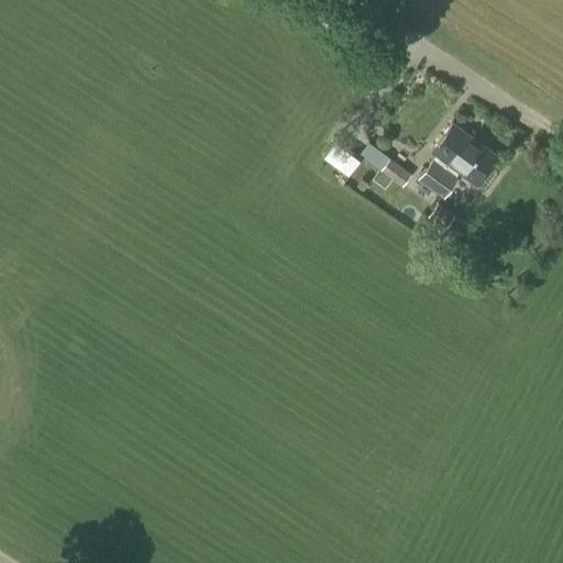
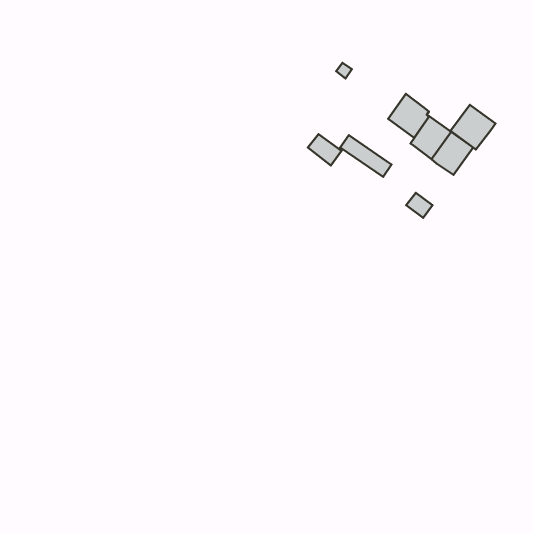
building: none -> [450,105,495,150]
building: [418,155,461,201] -> [388,94,429,138]

